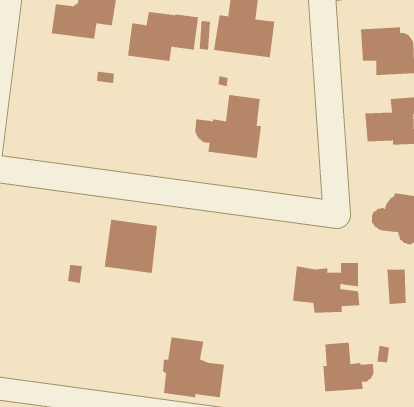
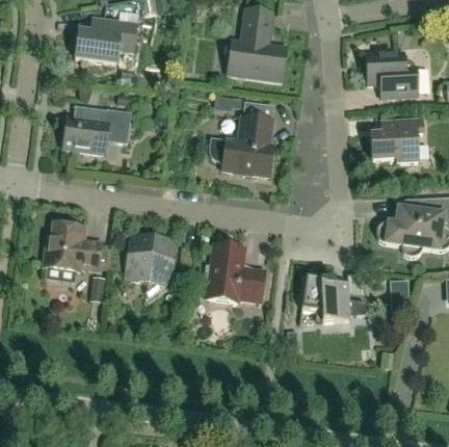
building: [127,12,199,61] -> [63,106,131,153]
building: none -> [44,221,102,270]
building: [162,337,225,398] -> [206,243,265,300]
building: [323,342,374,392] -> none

